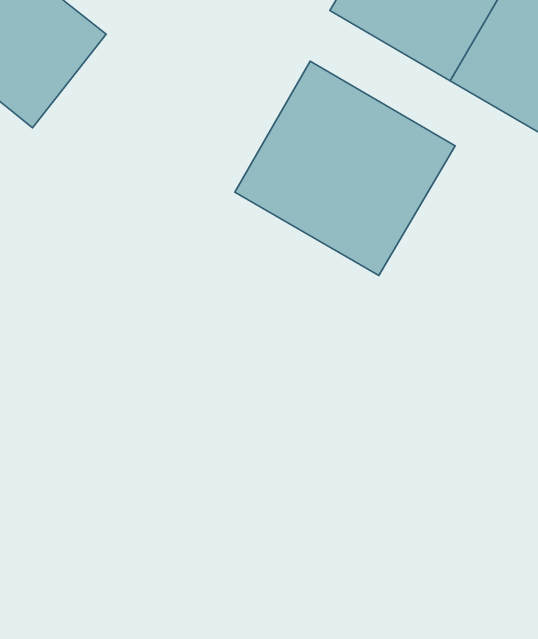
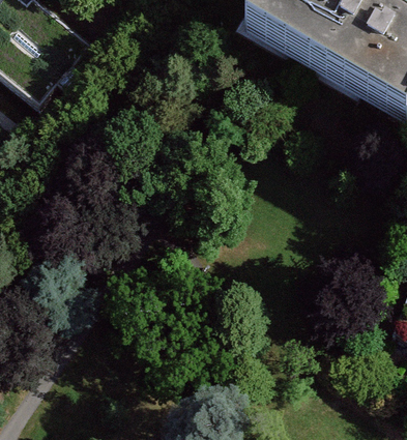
building: [235,61,455,275] -> none

